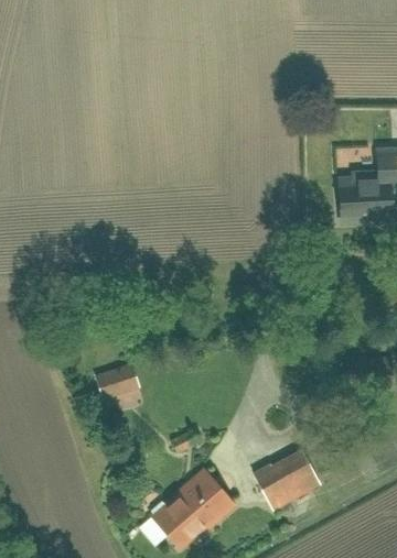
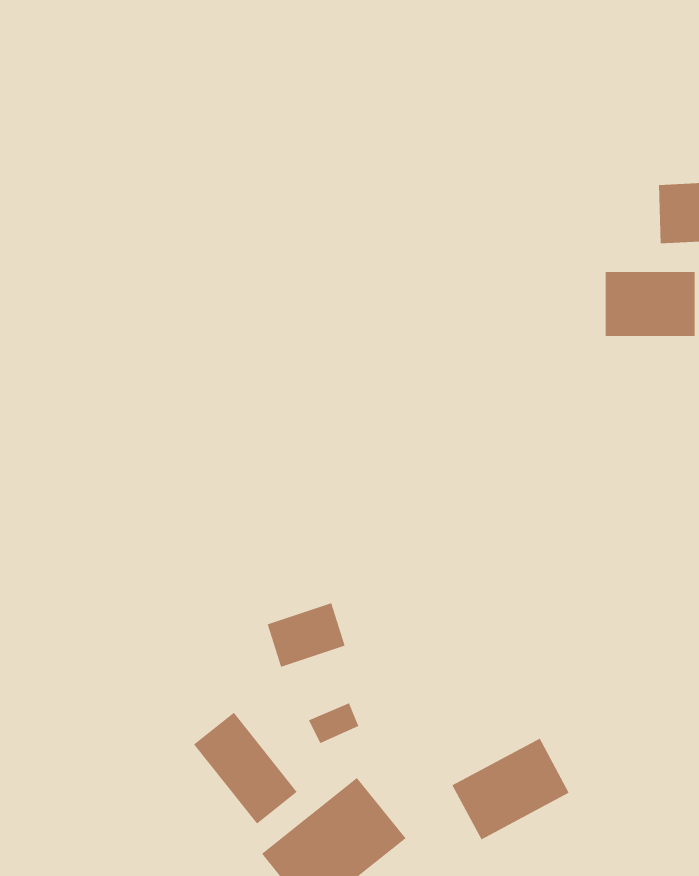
building: [98,362,142,398] -> [267,603,345,668]
building: none -> [193,712,298,824]

